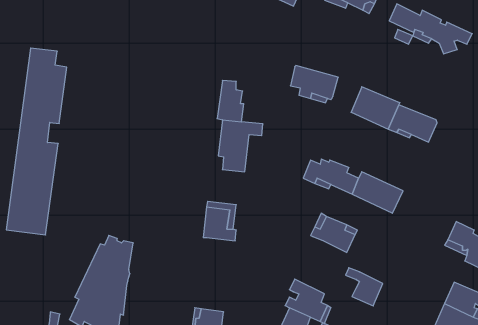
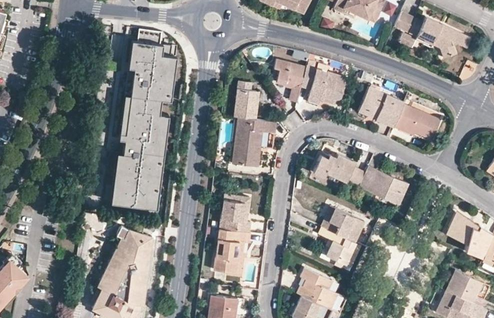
building: [6,48,67,235] -> [113,29,170,205]
building: none -> [273,61,305,102]
building: none -> [213,230,250,275]
building: [346,268,383,306] -> [319,229,354,265]

